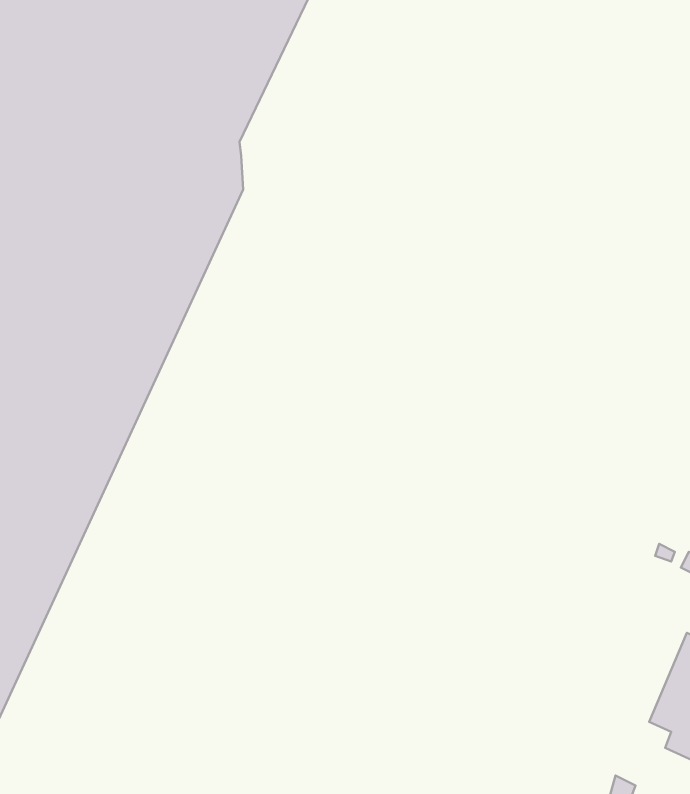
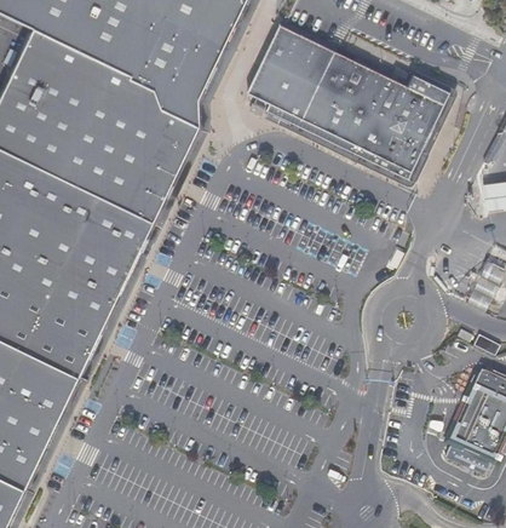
building: none -> [245,17,448,172]

